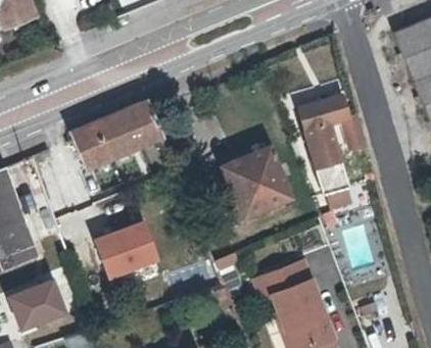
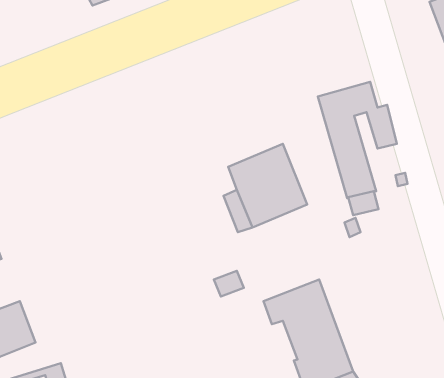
building: [66,98,162,170] -> none
building: [90,219,156,279] -> none

